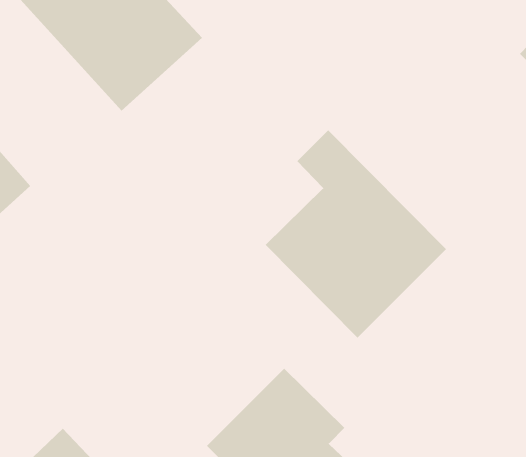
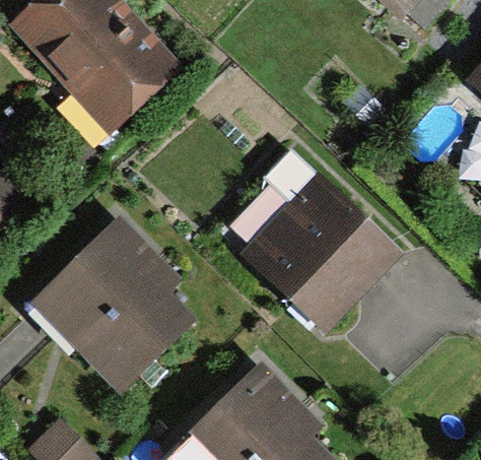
building: none -> [31,217,197,395]

